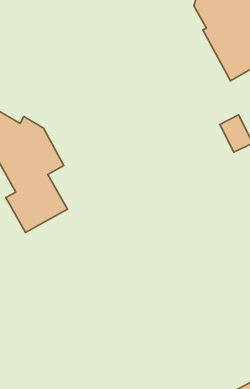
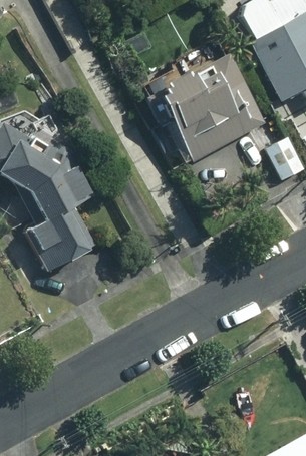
building: none -> [146,53,265,161]

